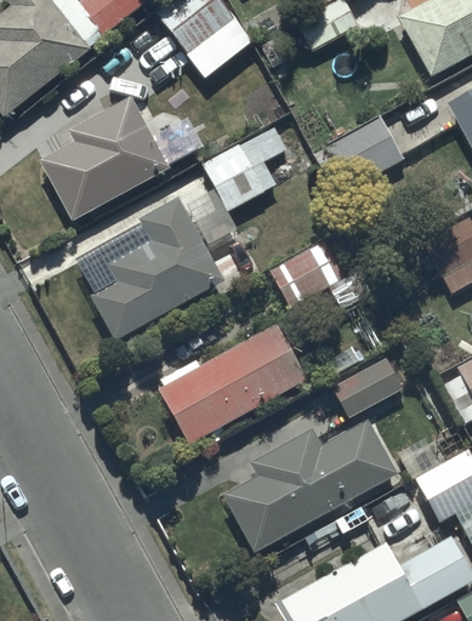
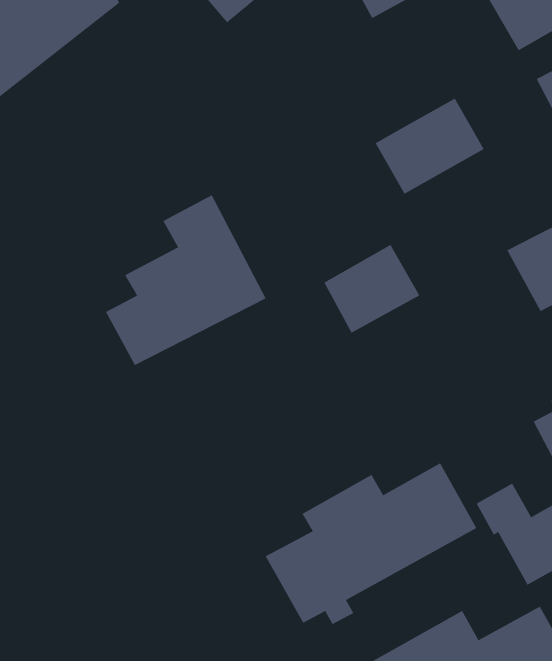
building: [38,95,174,222] -> none
building: [189,127,288,244] -> none
building: [159,323,308,443] -> none
building: [334,358,404,418] -> none

